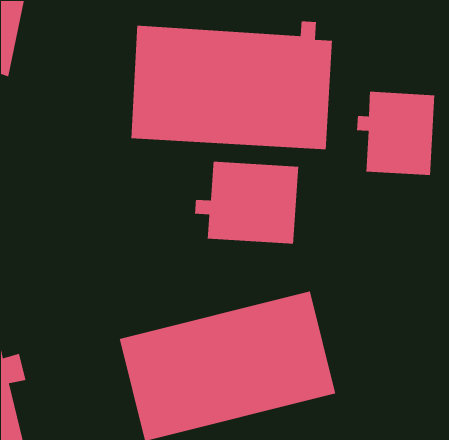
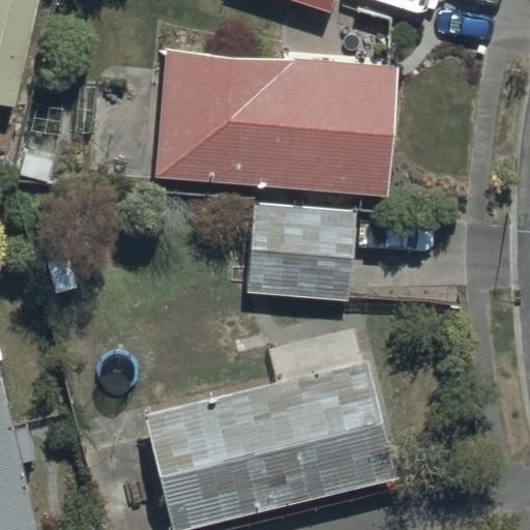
building: [356,91,435,176] -> none

